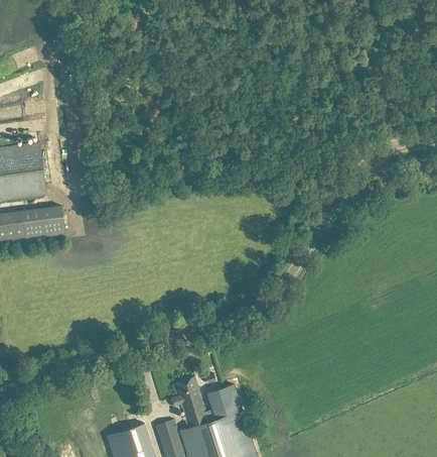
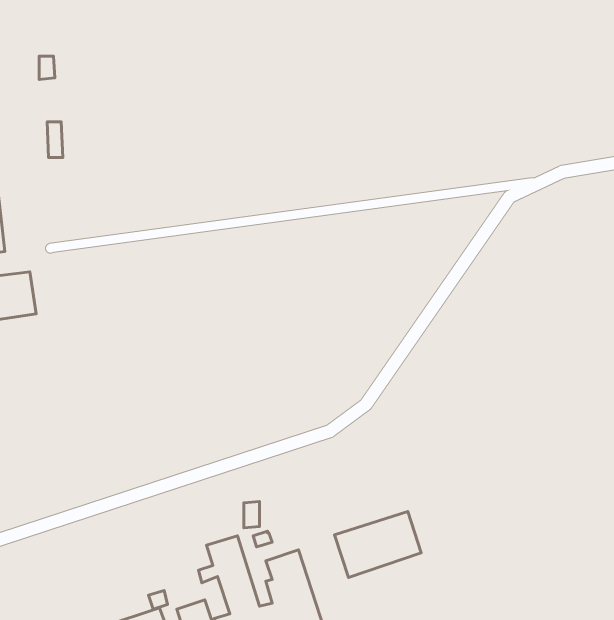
building: none -> [335,512,421,578]

